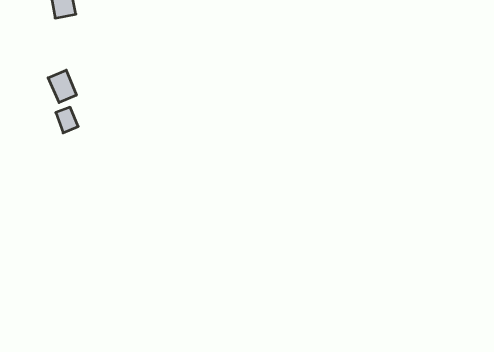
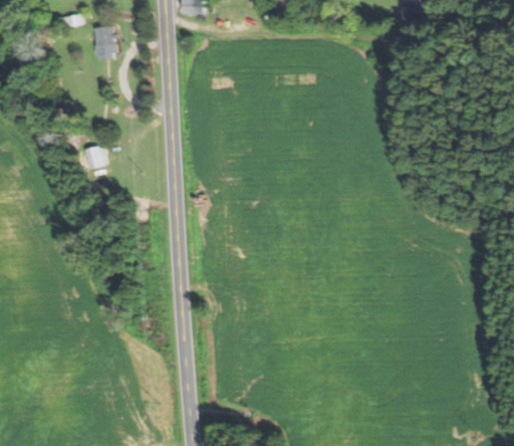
building: [48,70,76,103] -> none

